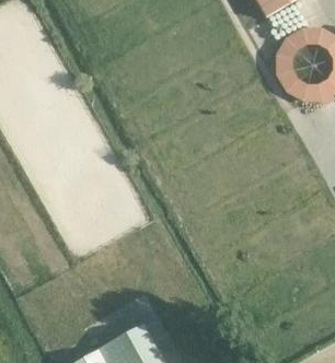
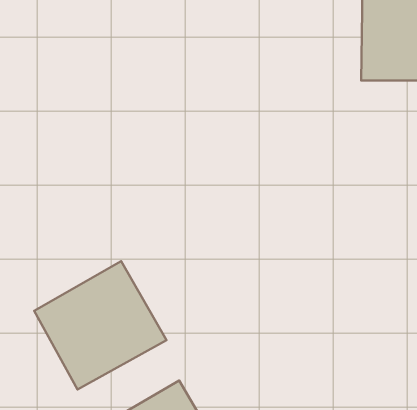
building: none -> [34,261,167,389]

